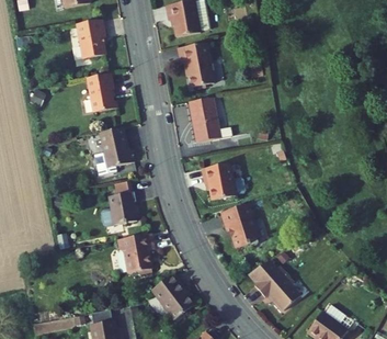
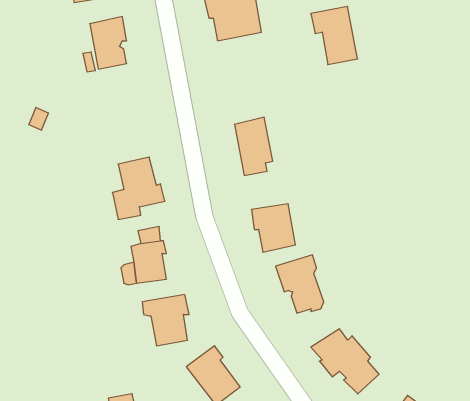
building: [178,42,214,87] -> [311,6,358,65]
building: [86,72,116,112] -> none

